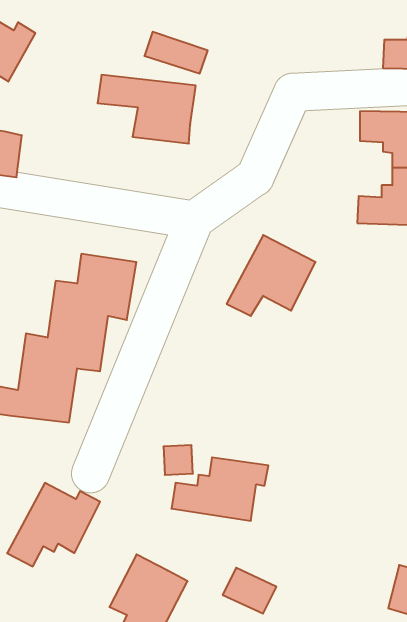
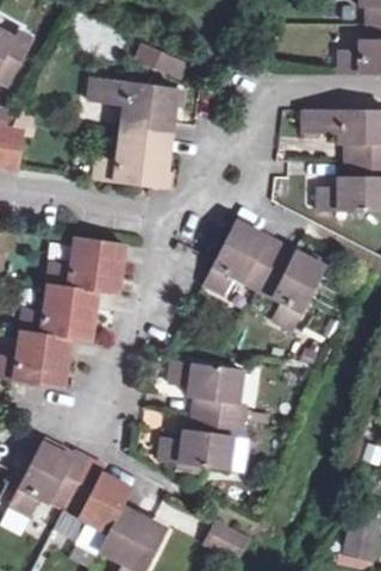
building: none -> [94,134,170,190]
building: none -> [261,244,327,329]
building: none -> [165,364,242,424]
building: none -> [69,457,132,550]

